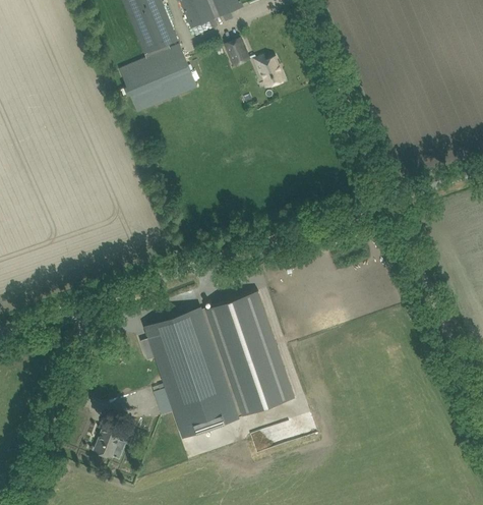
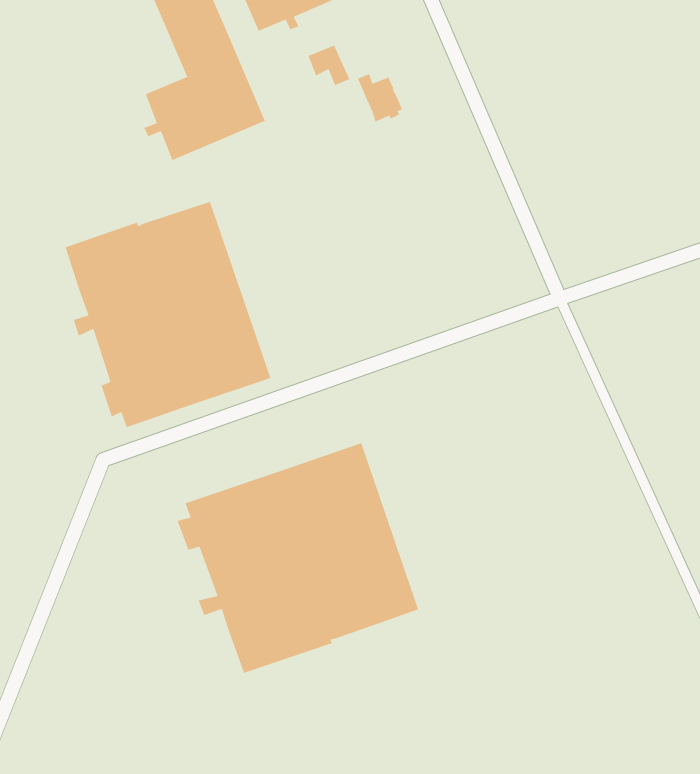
building: none -> [65,201,271,428]
building: [95,417,124,457] -> none

